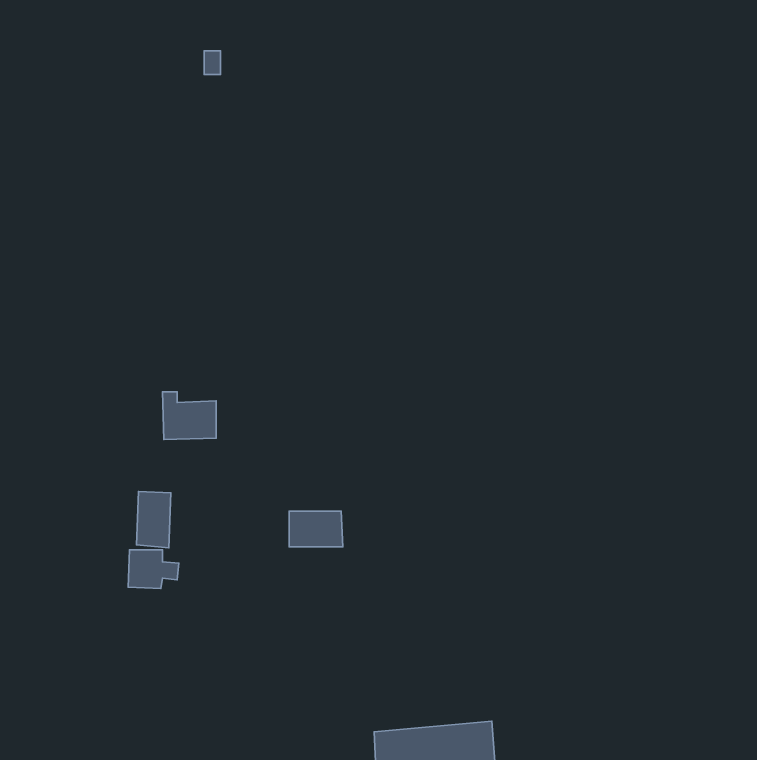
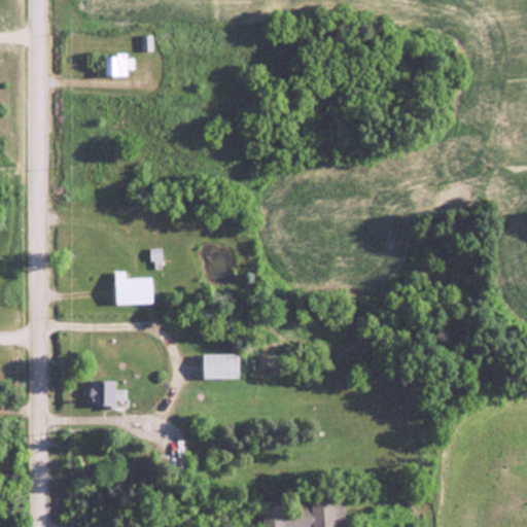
building: none -> [109,56,137,76]
building: [137,491,171,548] -> none

